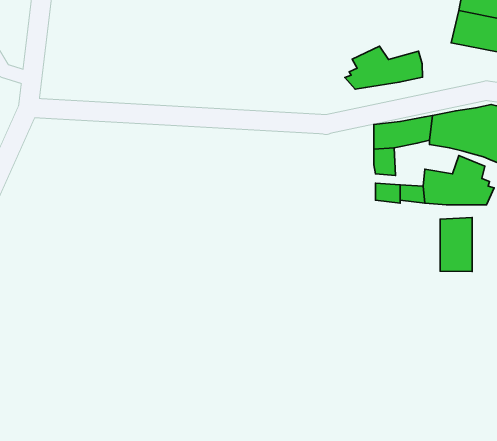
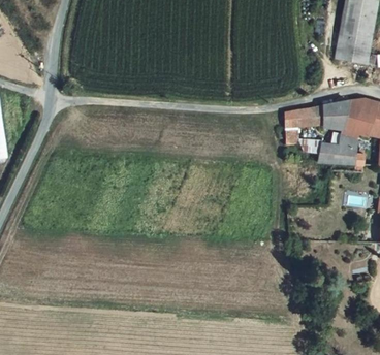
building: [345,46,423,89] -> none
building: [440,218,472,271] -> none

